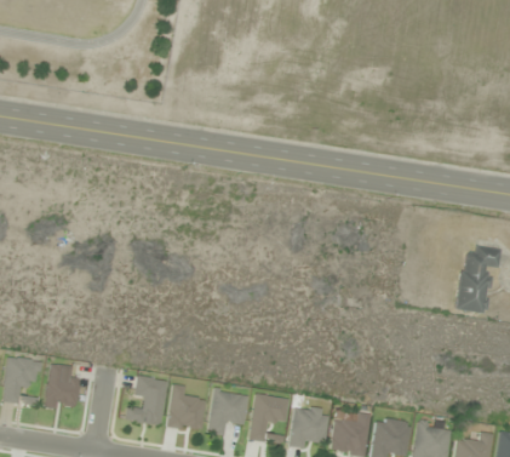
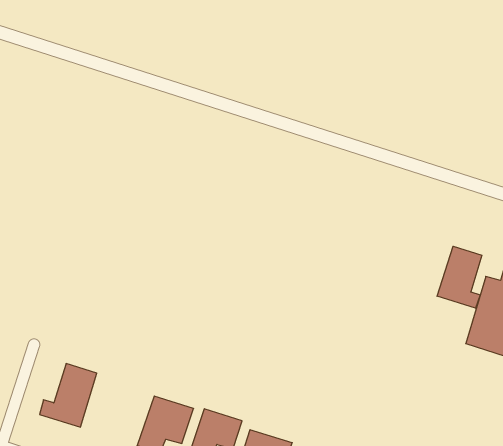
building: none -> [437,246,482,308]
building: [165,385,204,432] -> none

